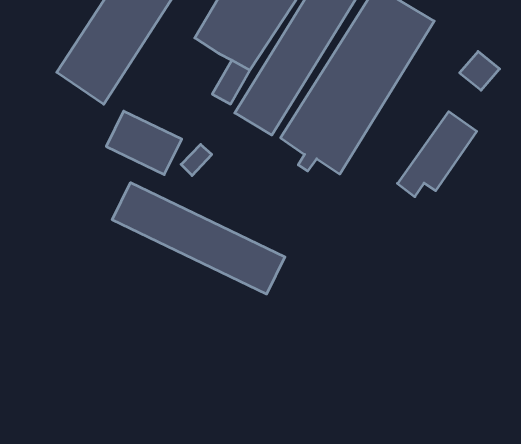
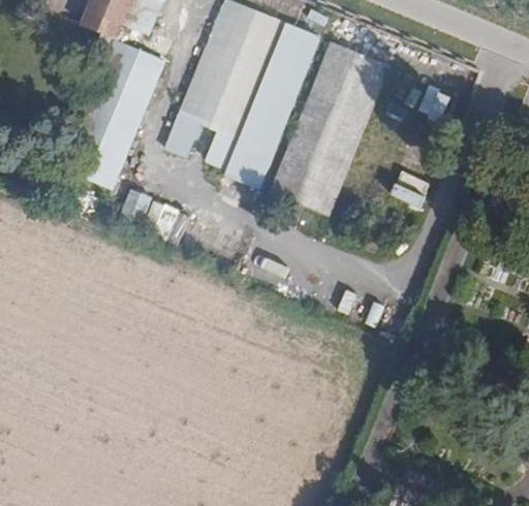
building: none -> [167,115,203,157]
building: [112,183,285,294] -> none

